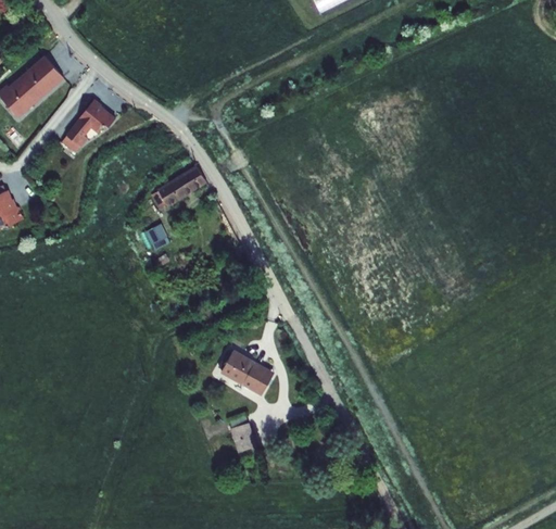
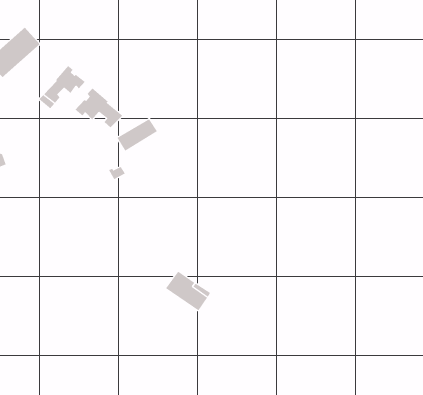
building: none -> [74,87,123,128]
building: [228,425,253,455] -> none

